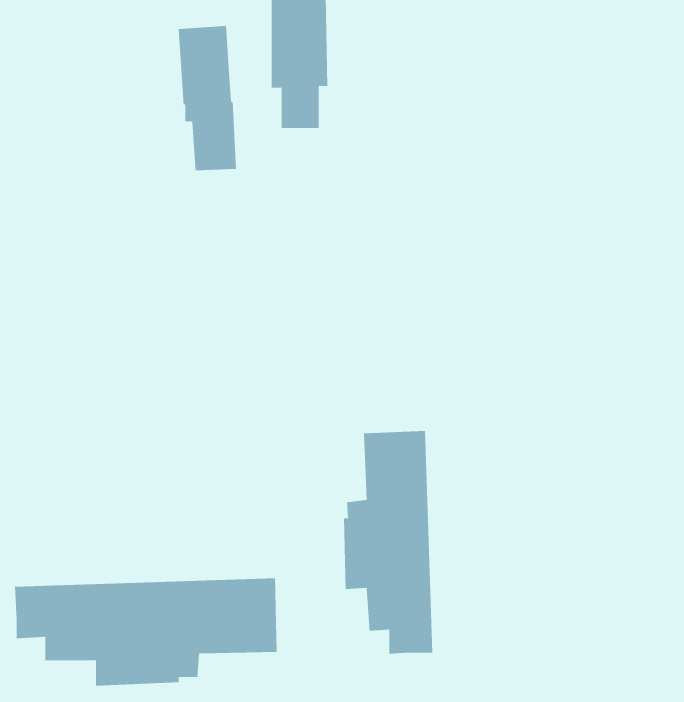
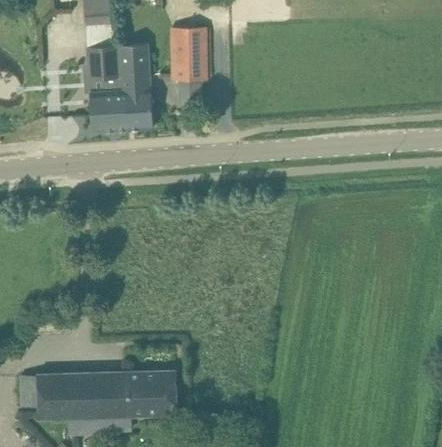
building: none -> [86,46,127,133]
building: [343,430,433,655] -> none

